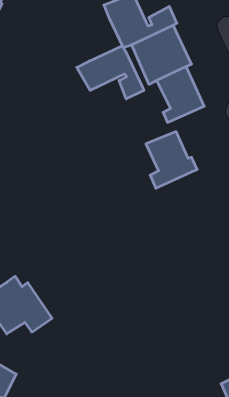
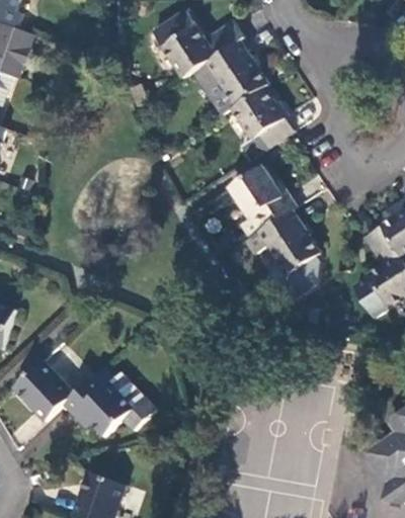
building: [77,46,144,99] -> none
building: none -> [248,208,323,298]

